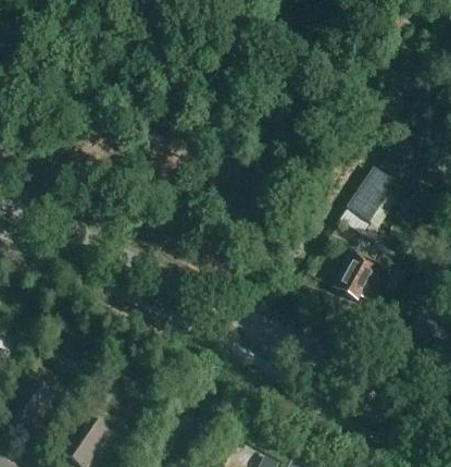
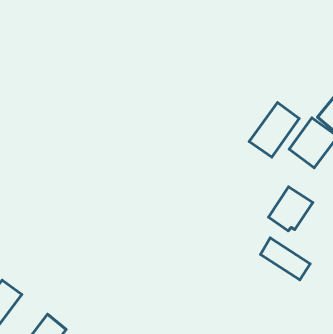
building: none -> [249,103,299,157]
building: none -> [260,238,310,280]

